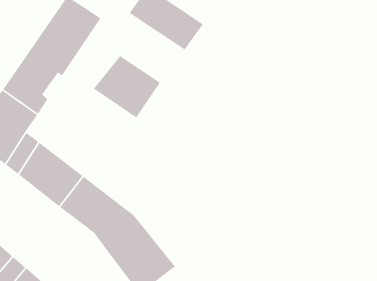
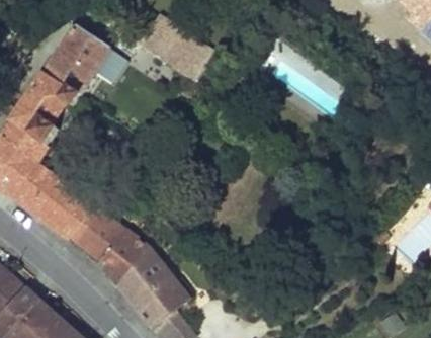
building: [93,55,161,119] -> none

